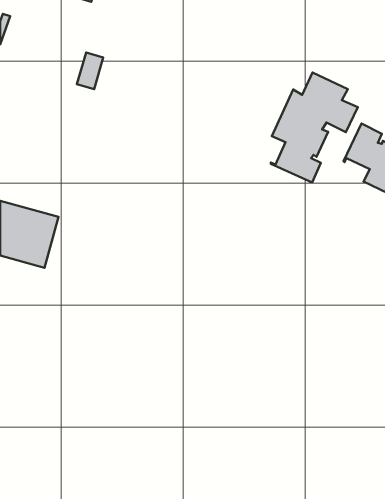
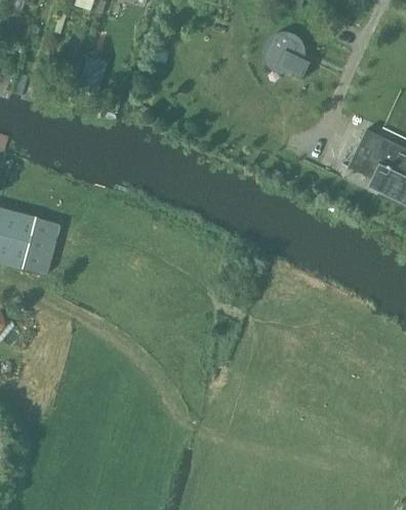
building: none -> [263,36,302,75]
building: [271,73,358,183] -> none

